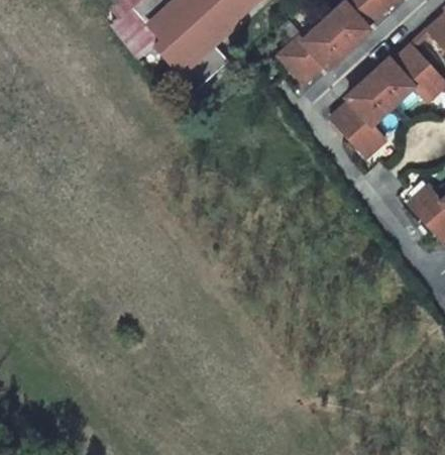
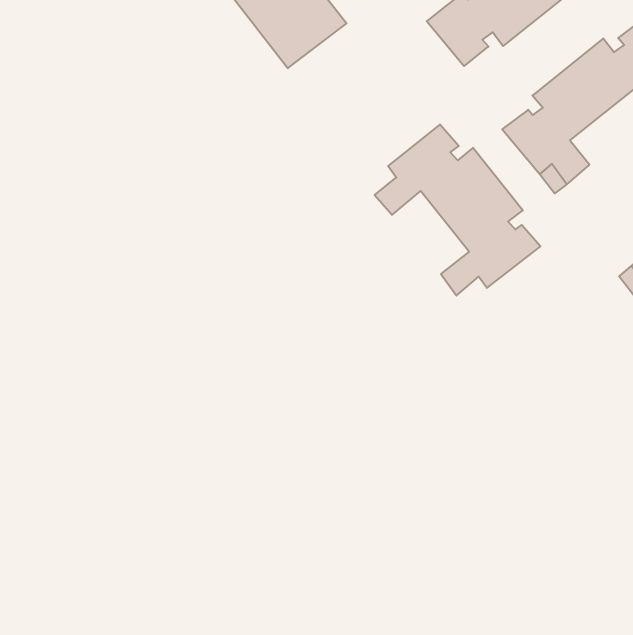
building: none -> [375,124,540,296]

